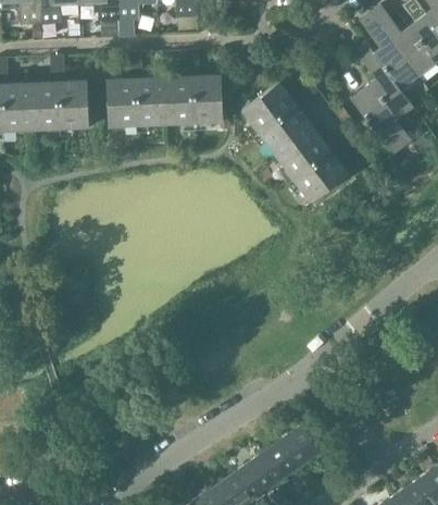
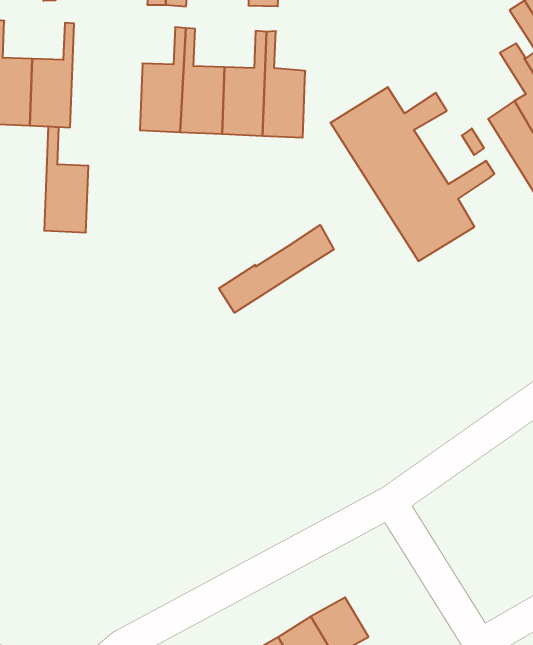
building: [55,56,88,128] -> [44,126,88,232]
building: none -> [219,225,334,313]
building: [278,424,320,467] -> none

